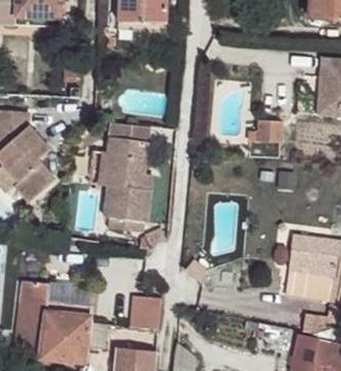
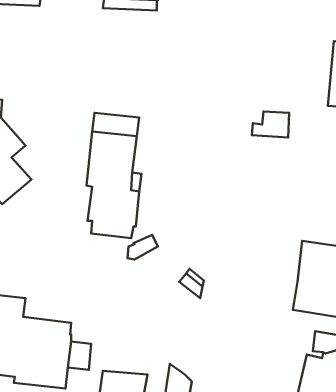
building: [129,295,160,329] -> none

